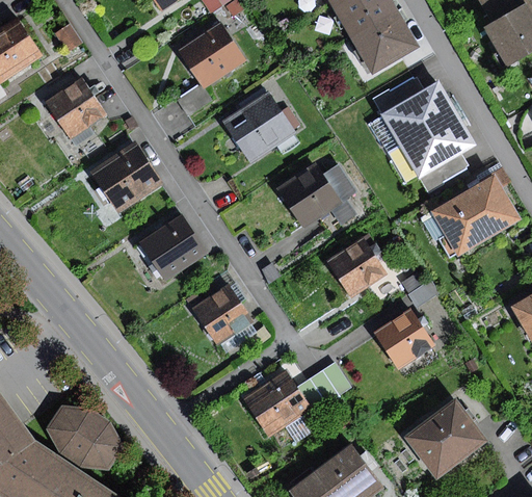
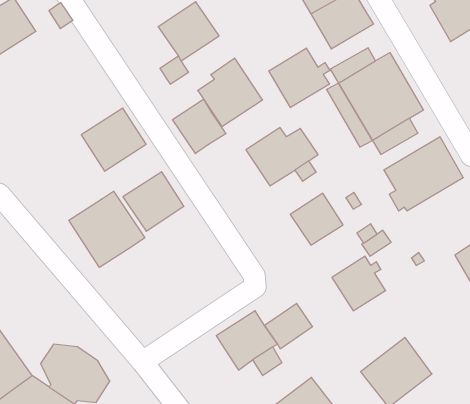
building: none -> [269,48,330,108]
building: [44,75,107,146] -> none
building: none -> [173,99,226,154]
building: none -> [69,191,145,267]
building: [192,284,251,343] -> none

